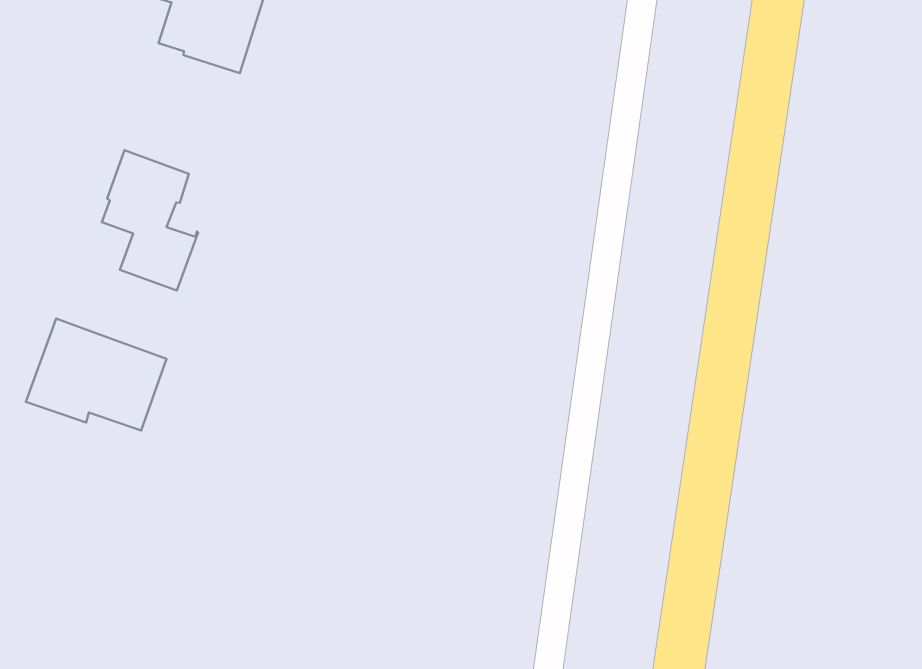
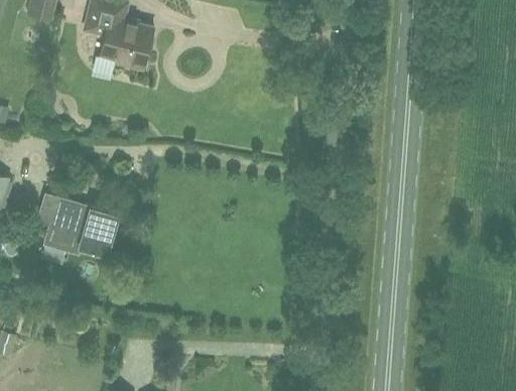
building: [102,150,198,290] -> none

